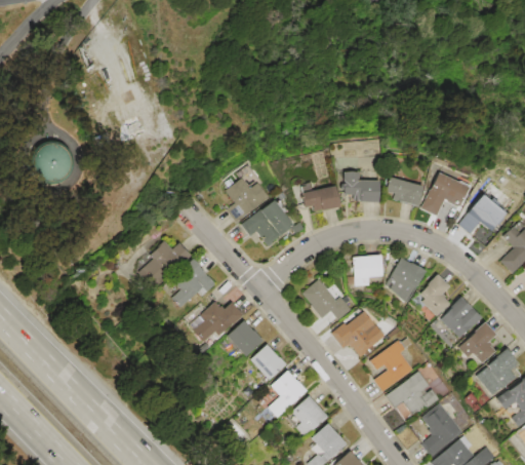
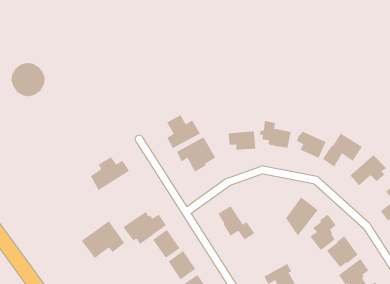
building: [353,255,382,286] -> none
building: [162,259,216,308] -> [81,220,125,259]
building: [331,311,383,357] -> none

